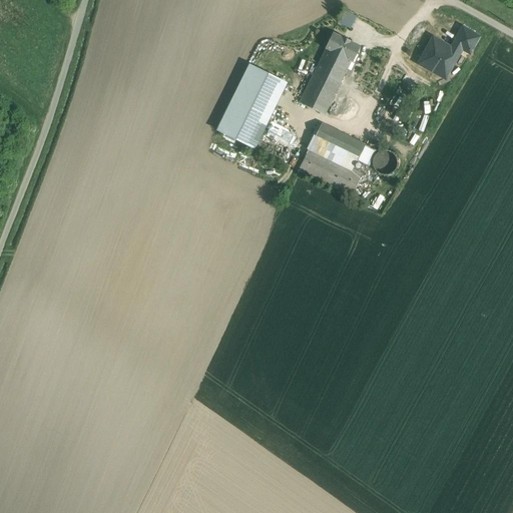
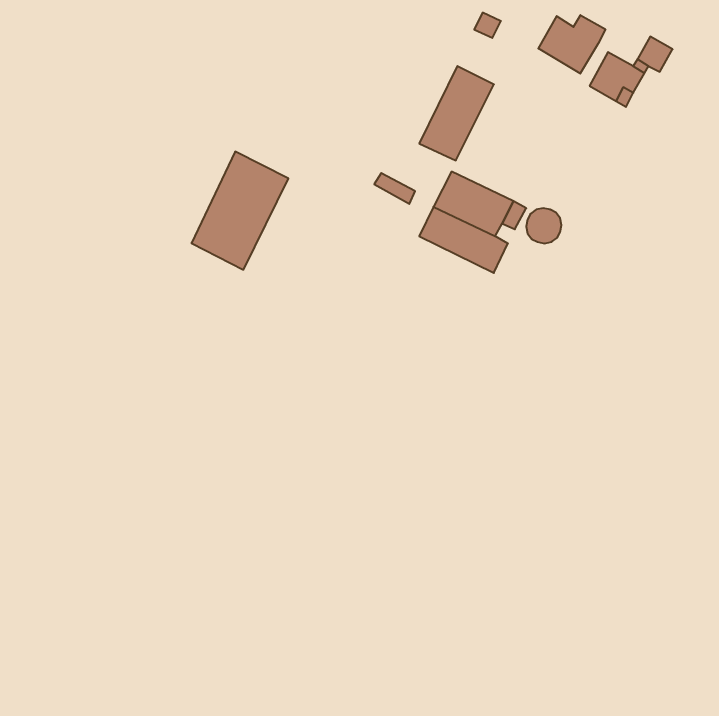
building: none -> [538,15,605,74]
building: [325,31,360,60] -> none
building: [217,63,287,147] -> [191,152,288,270]

